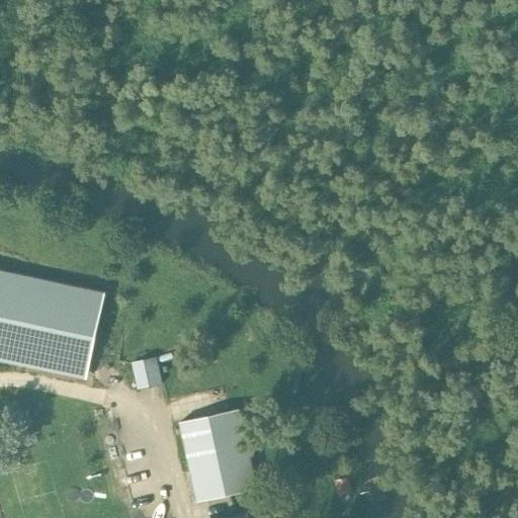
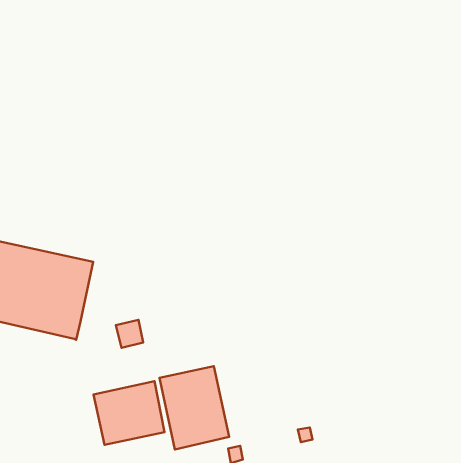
building: none -> [94,381,165,445]

